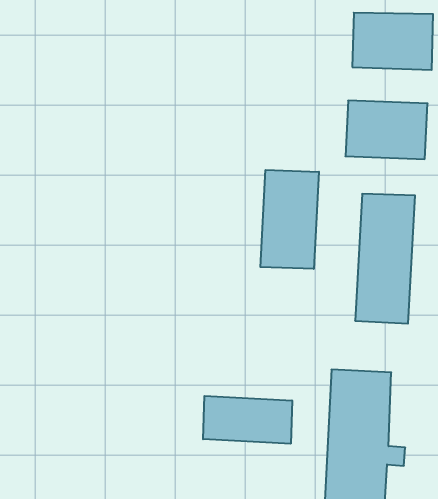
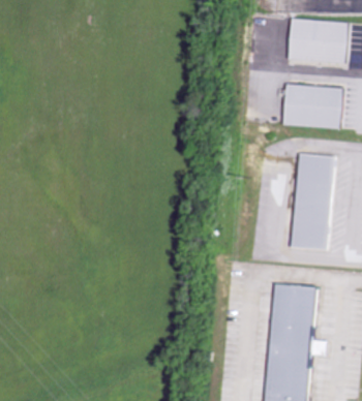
building: [260,170,319,269] -> none
building: [203,396,292,444] -> none

